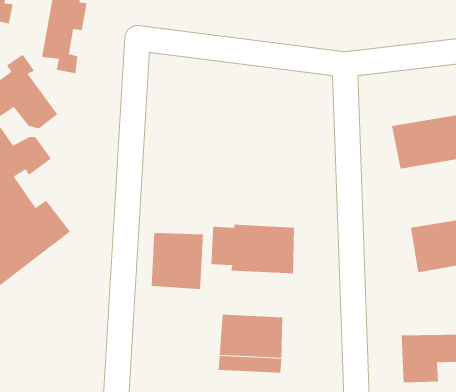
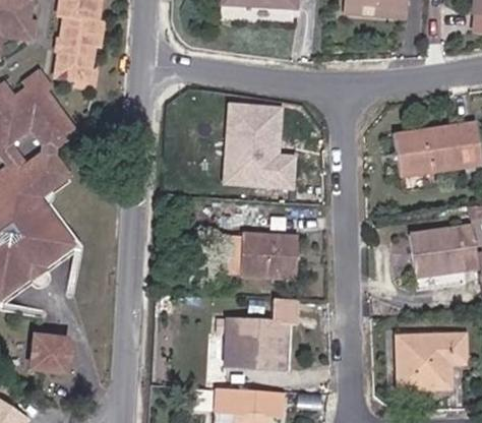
building: none -> [224,101,299,187]
building: [151,232,203,290] -> none
building: none -> [36,328,69,363]

